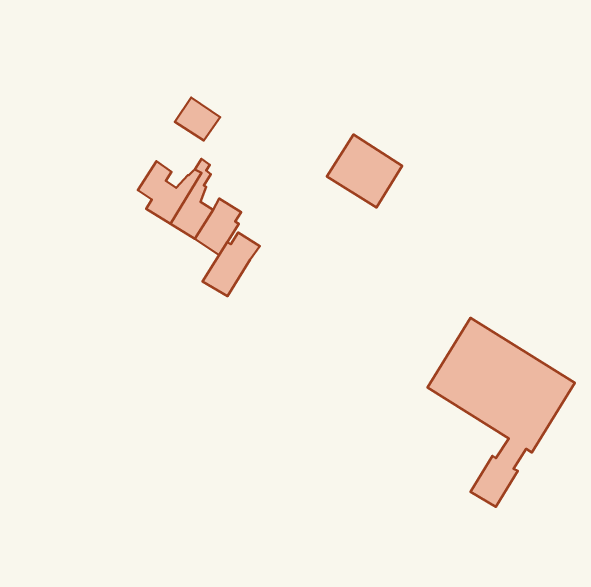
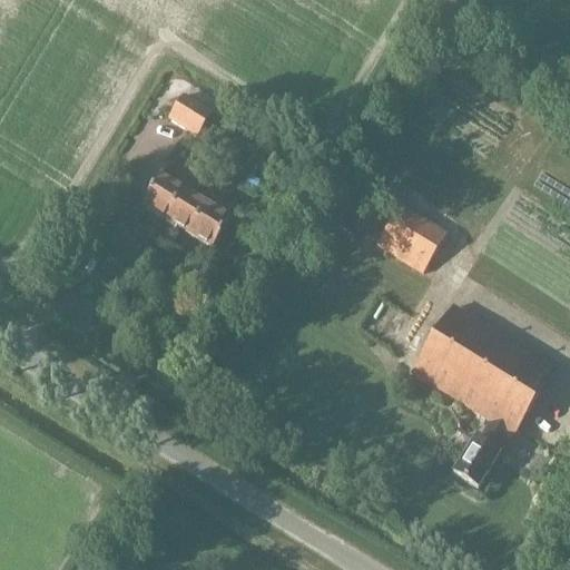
building: [327,135,402,208] -> [373,202,445,272]
building: [202,233,260,296] -> none

